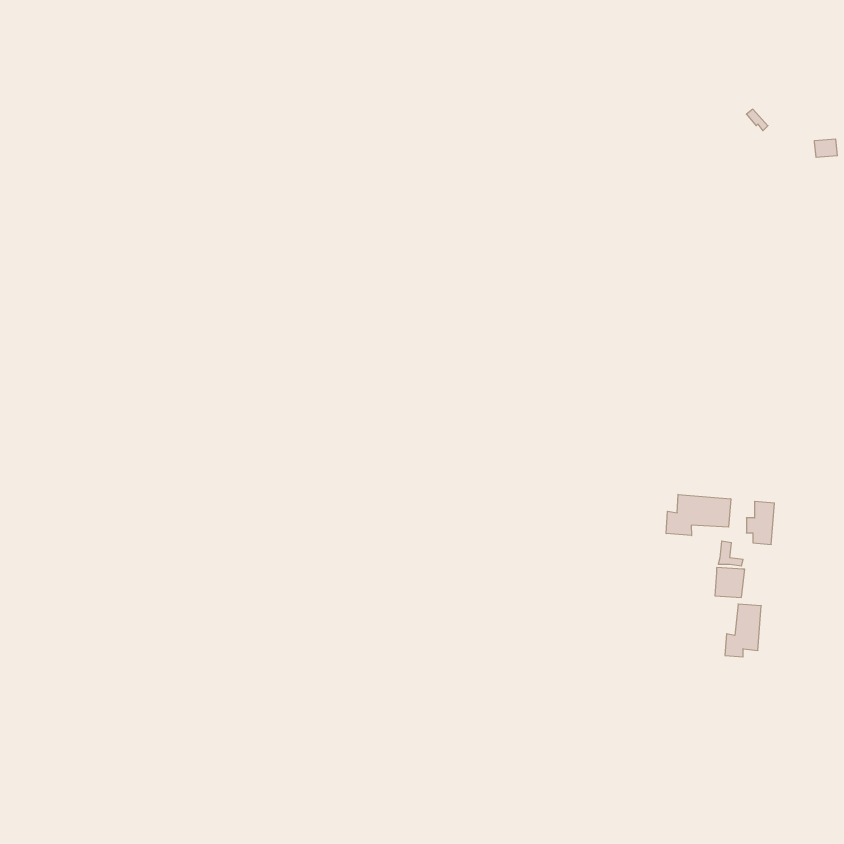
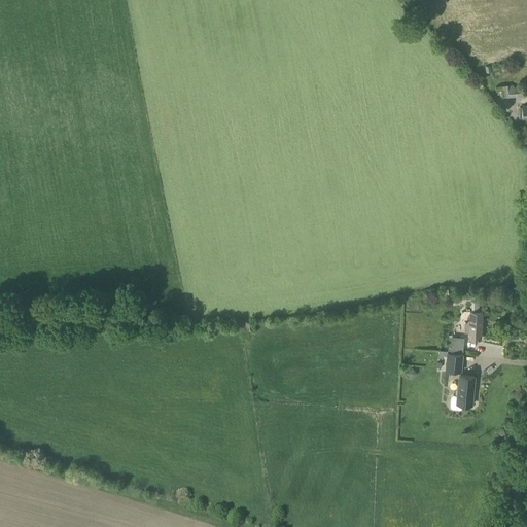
building: [666,494,731,536] -> none

